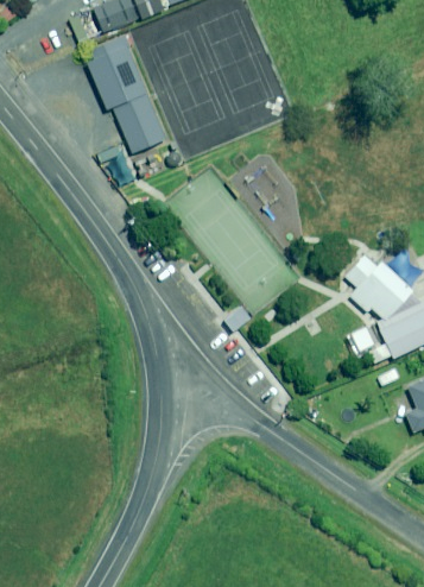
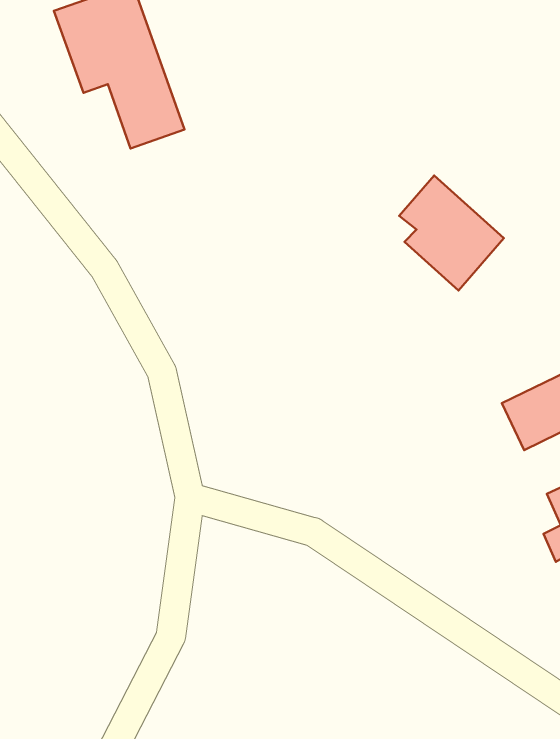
building: [343,244,414,322] -> [399,176,504,291]

